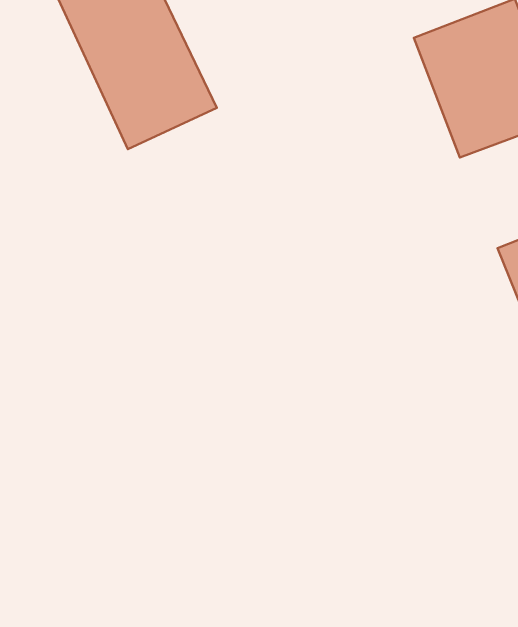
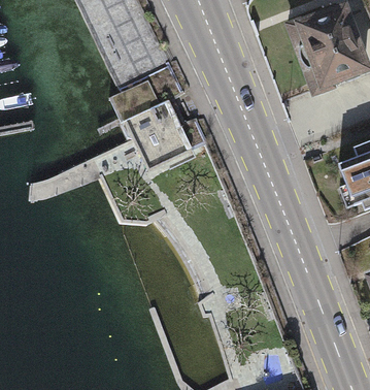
building: none -> [113,78,204,165]

